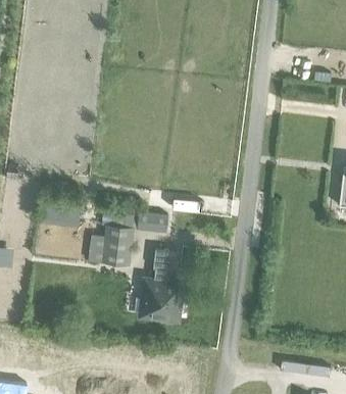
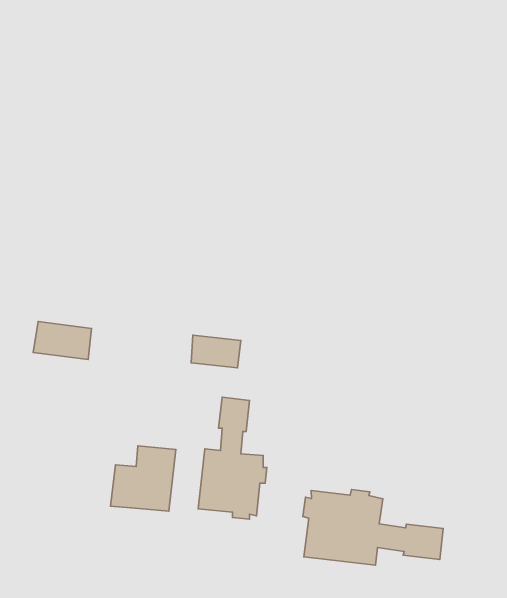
building: [89,227,128,265] -> [110,446,176,511]
building: none -> [303,490,443,565]

